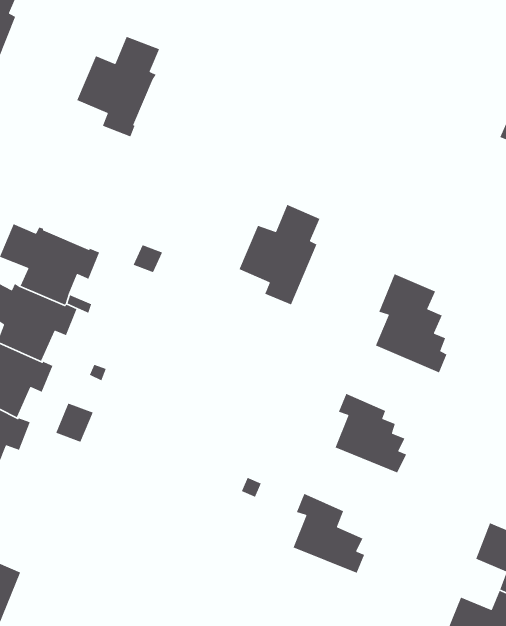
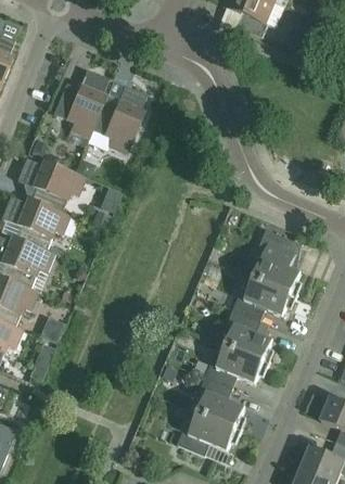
building: none -> [16,156,85,212]
building: [238,204,321,306] -> [91,84,146,152]
building: none -> [233,277,296,320]
building: none -> [205,345,268,387]
building: none -> [177,412,241,455]

